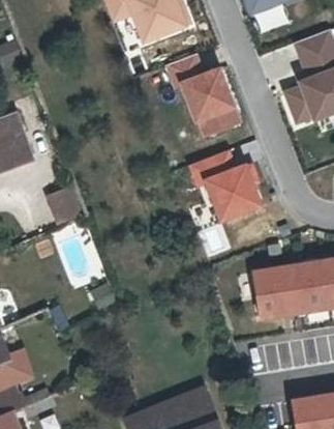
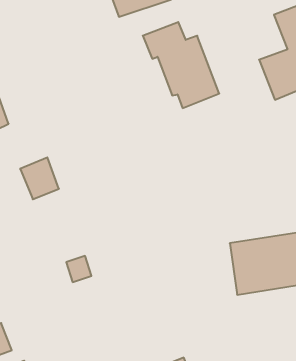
building: [188,150,262,225] -> none

